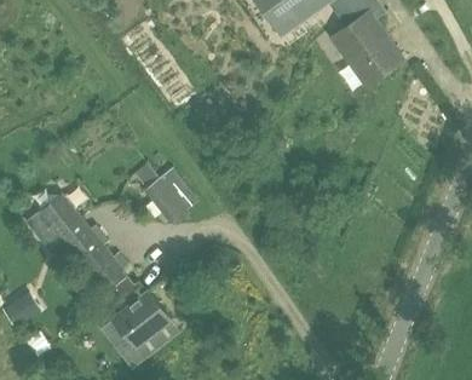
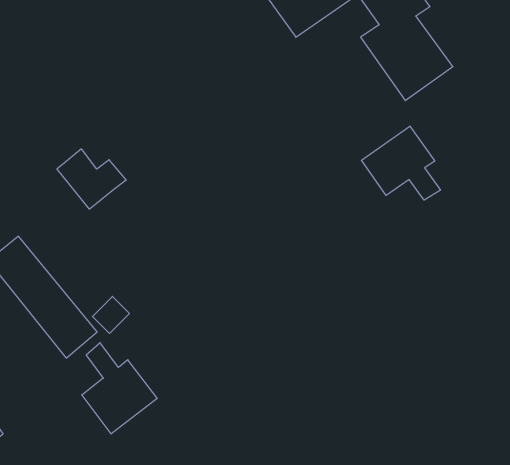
building: none -> [361,126,440,200]
building: [142,175,196,223] -> [57,149,126,209]

